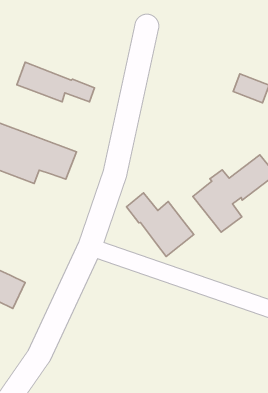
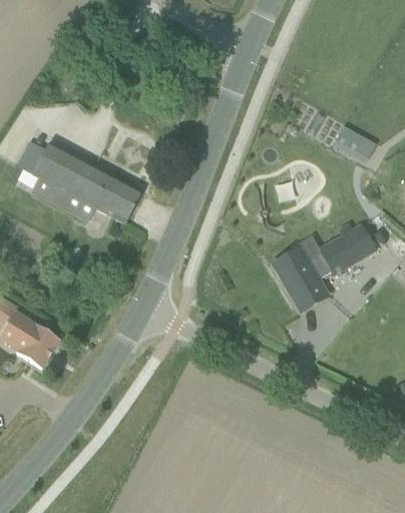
building: [17,62,94,102] -> none
building: [126,193,194,256] -> none

